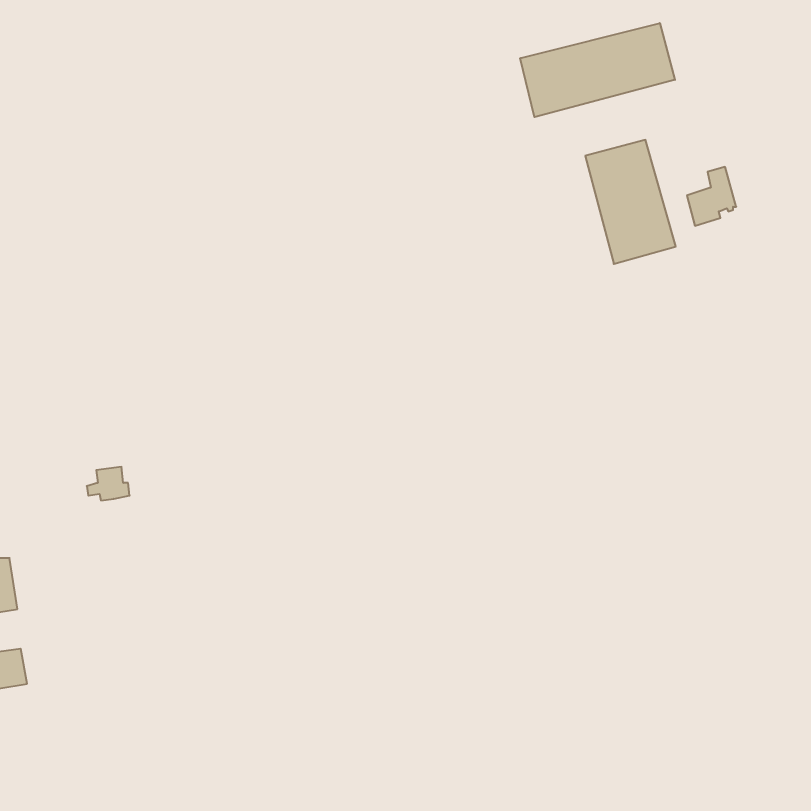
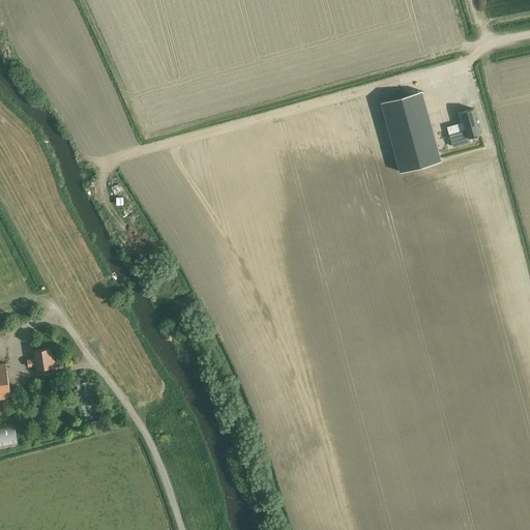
building: [520,23,675,117] -> none
building: [87,467,130,500] -> [27,349,55,371]

